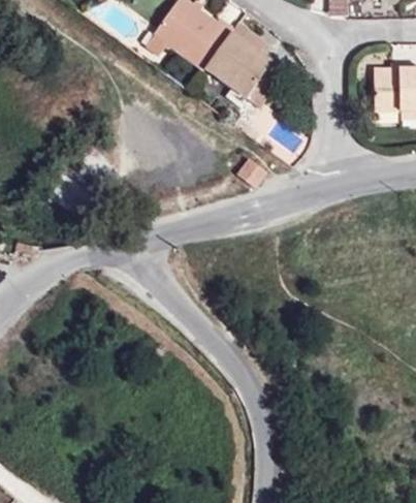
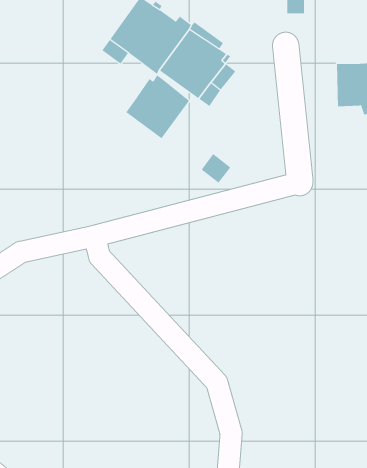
building: none -> [125,74,190,139]

